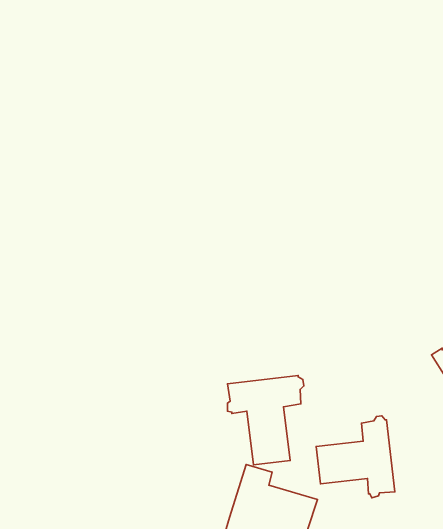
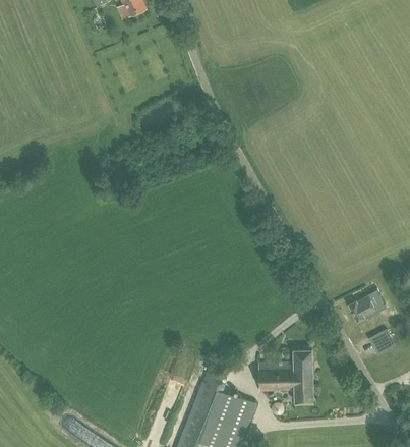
building: [227,375,304,465] -> none

